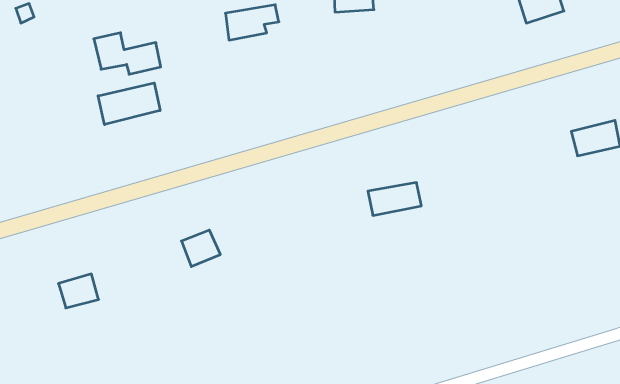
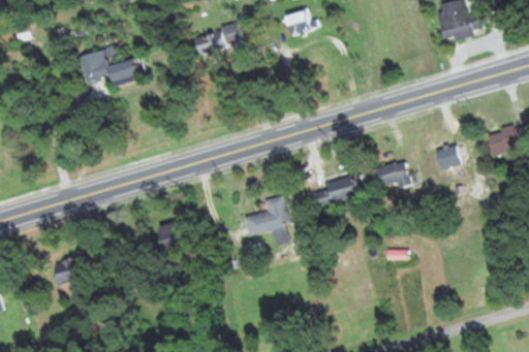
building: [98,83,160,125] -> none
building: none -> [434,146,461,170]
building: none -> [369,160,409,189]
building: none -> [243,195,291,244]

